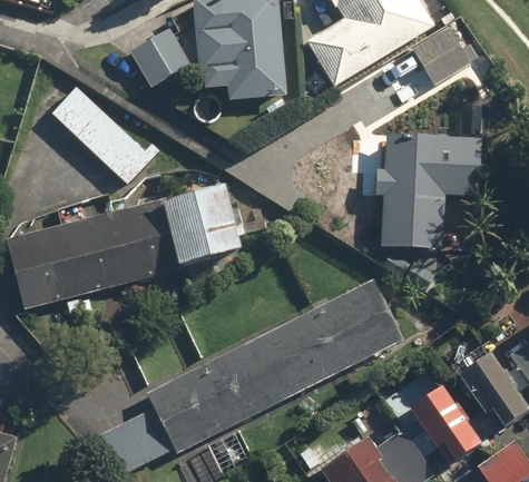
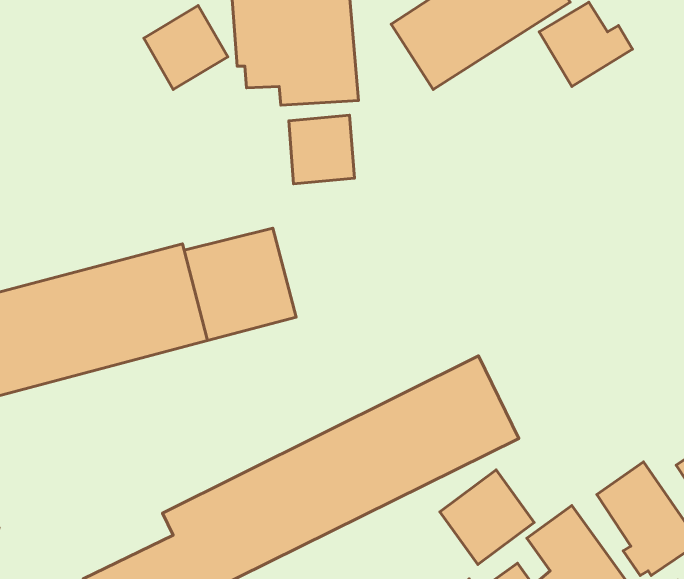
building: [55,86,160,184] -> none
building: none -> [289,115,354,184]
building: [376,132,481,250] -> none
building: none -> [440,470,534,565]

